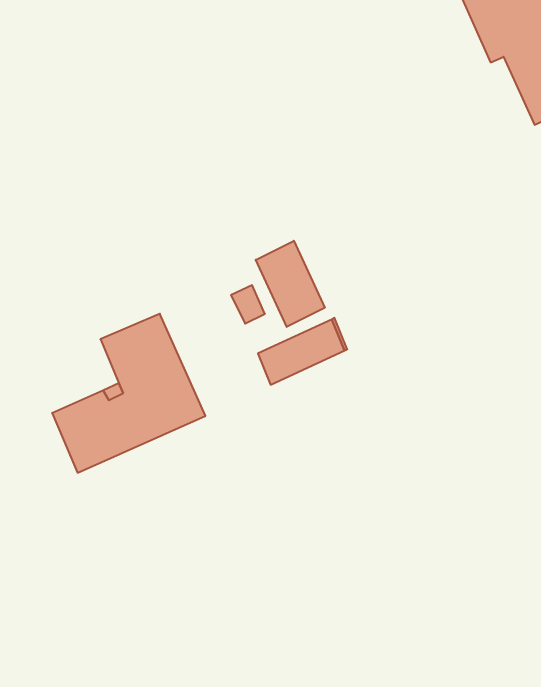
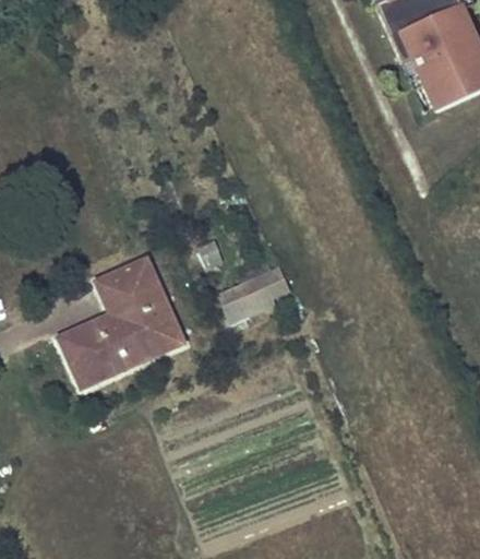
building: [256,241,325,327] -> none

